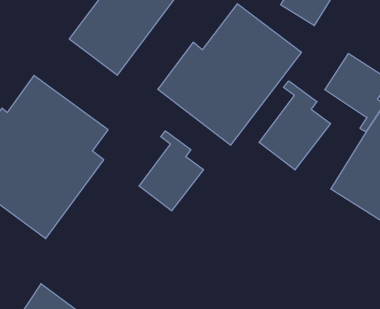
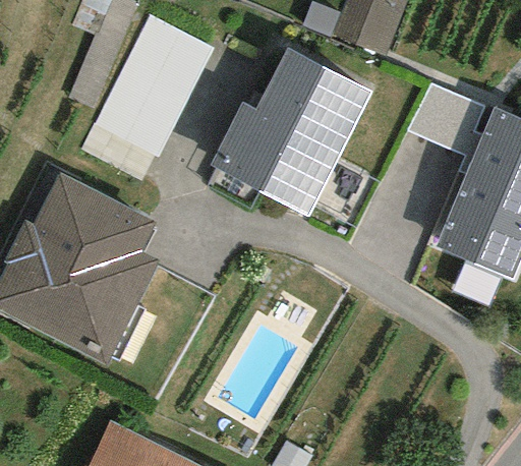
building: [259,81,331,170] -> none
building: [139,131,203,211] -> none

